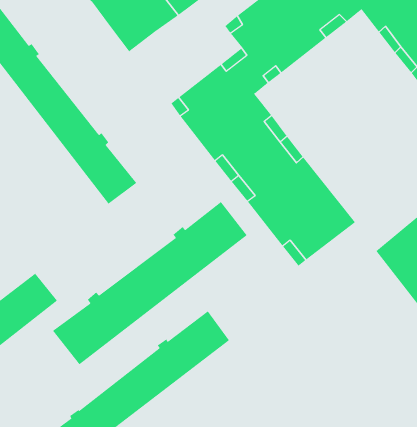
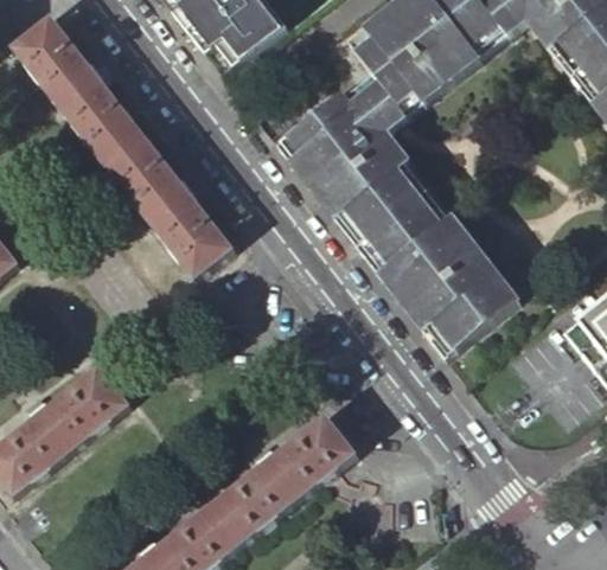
building: [52,201,247,365] -> none

